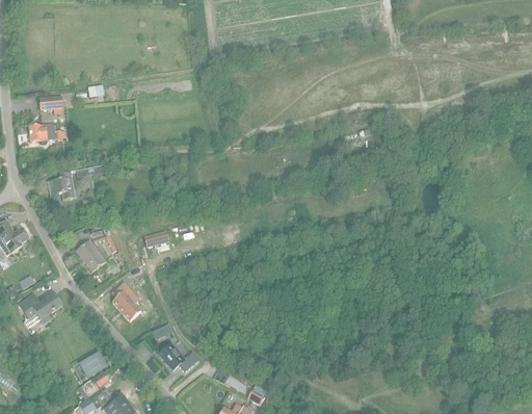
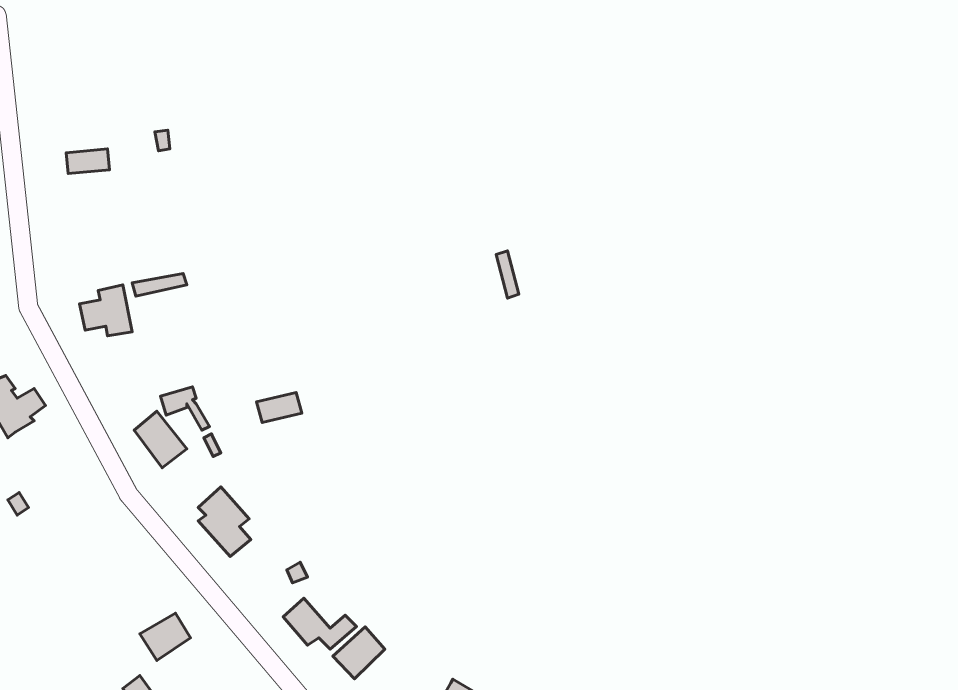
building: [29,124,62,145] -> none
building: [19,293,61,322] -> none
building: none -> [333,627,385,679]

